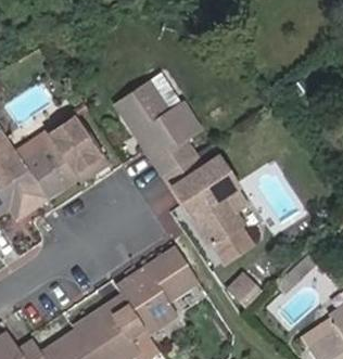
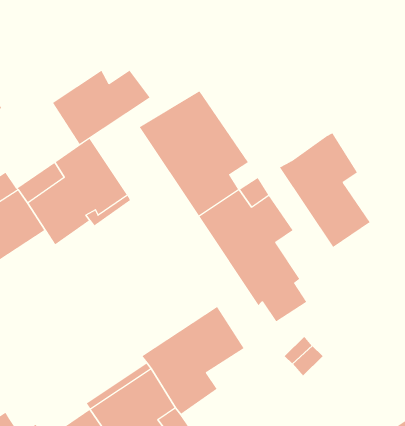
building: none -> [52,70,150,145]
building: none -> [279,132,370,248]

